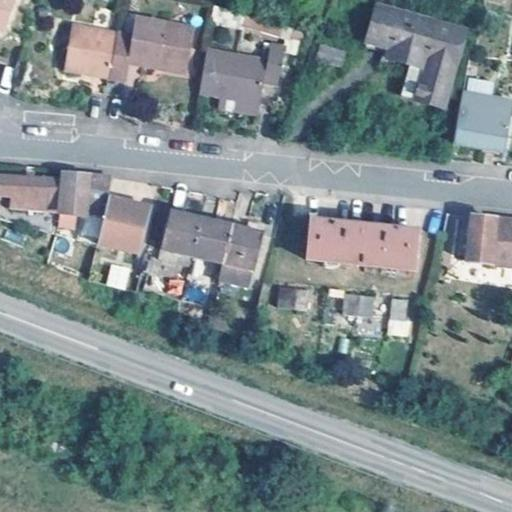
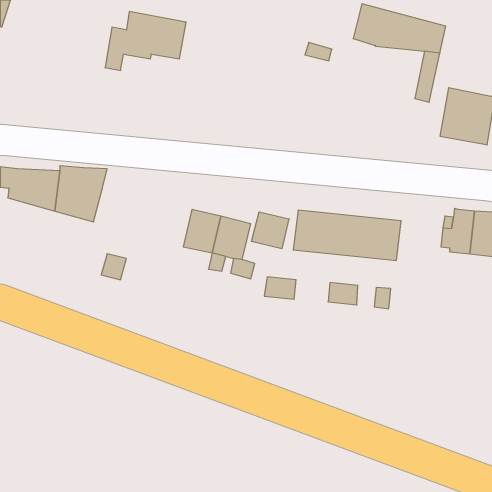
building: [65,21,117,71] -> none
building: [197,40,285,104] -> none
building: [388,49,441,103] -> none
building: [95,197,149,254] -> none
building: [160,211,200,257] -> none
building: none -> [251,212,289,249]

